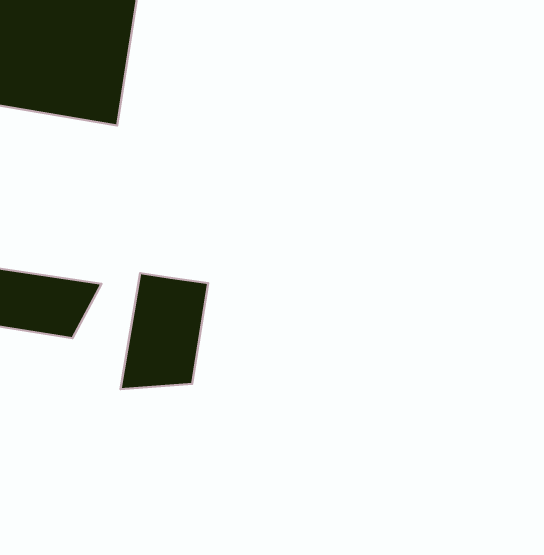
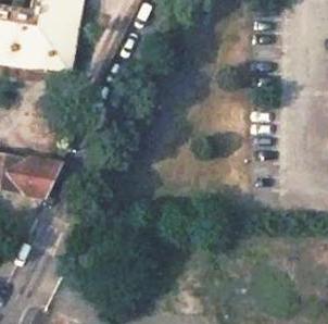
building: [120,273,208,389] -> none

